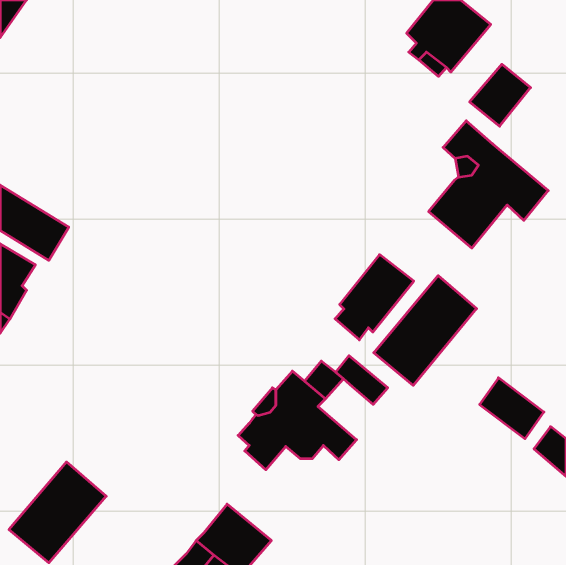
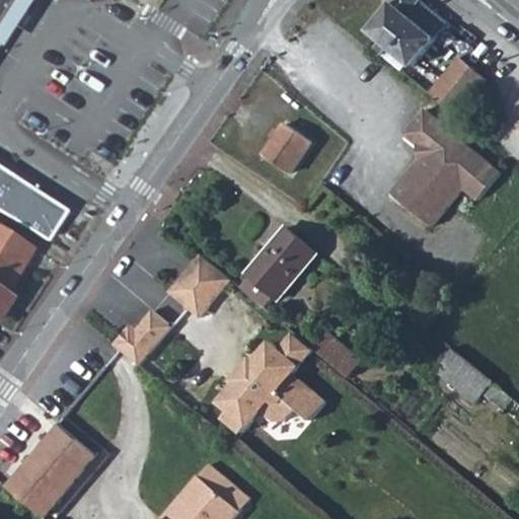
building: none -> [257,125,304,172]
building: [335,255,414,340] -> [236,223,308,301]
building: none -> [159,245,228,315]
building: [374,276,477,385] -> none
building: none -> [110,309,167,363]

